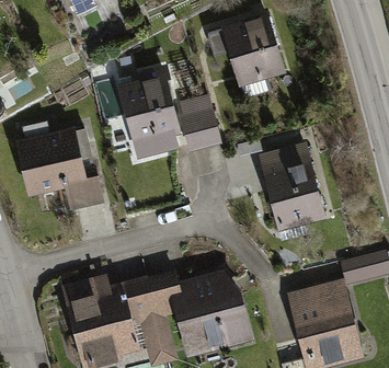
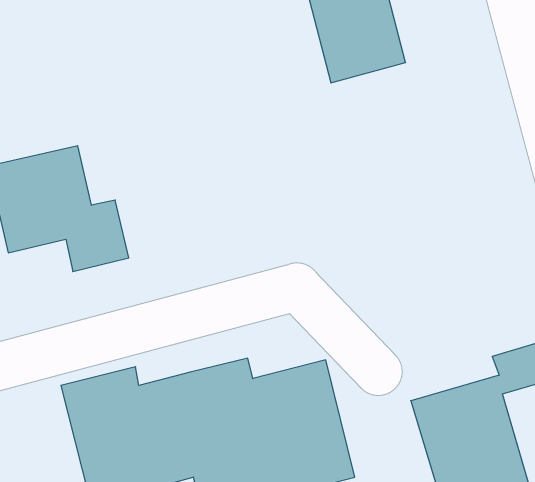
building: [116,72,218,149] -> none
building: [256,140,325,228] -> none

